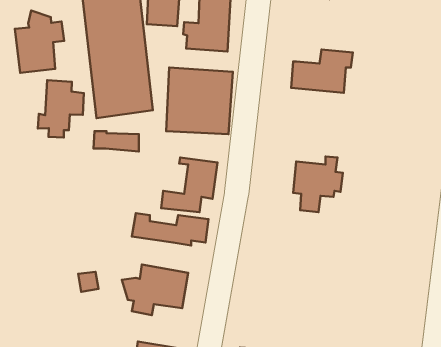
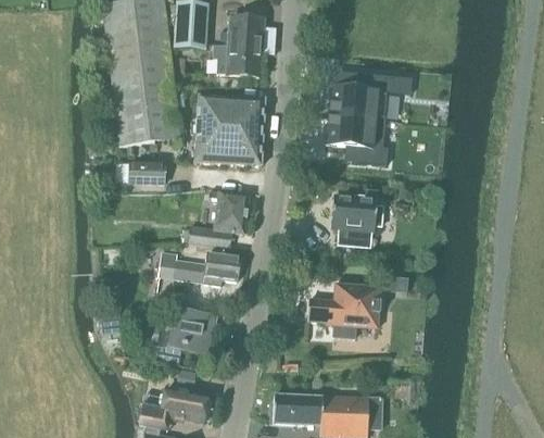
building: [15,10,64,73] -> none
building: [38,80,84,138] -> none
building: none -> [326,115,389,164]
building: none -> [308,284,379,337]

